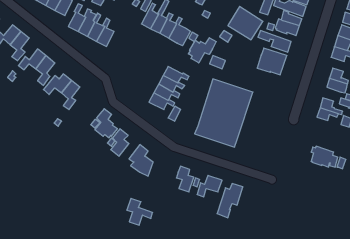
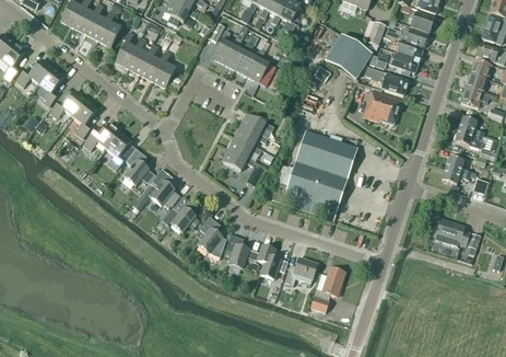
building: [188,38,216,63] -> none
building: none -> [123,148,148,184]
building: [127,198,153,225] -> [225,233,259,268]

